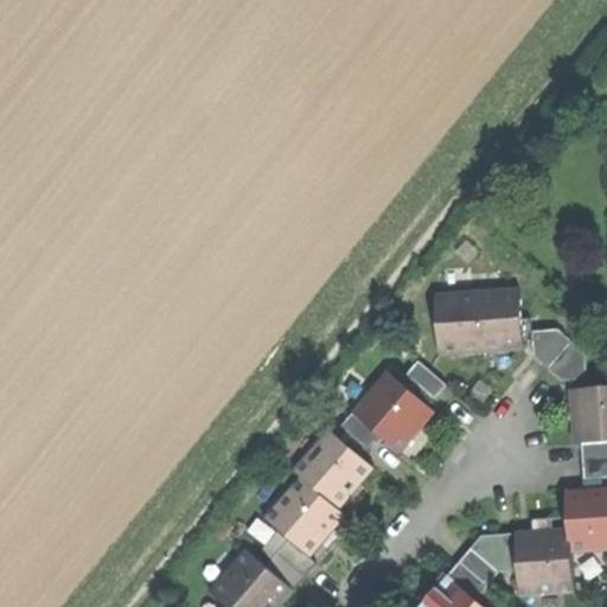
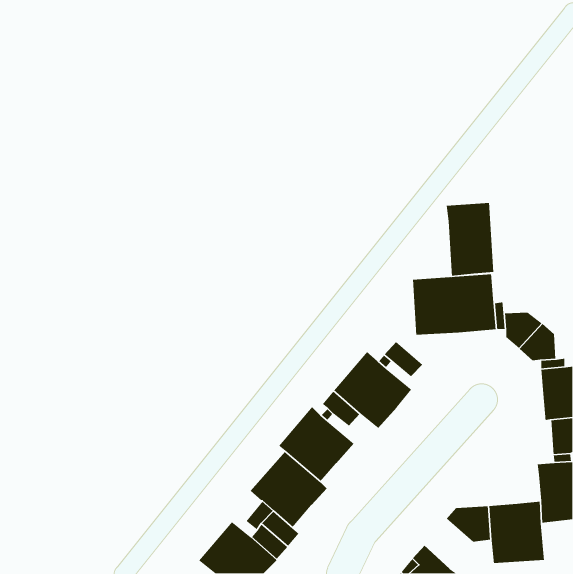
building: none -> [446,202,494,276]
building: [447,547,498,599] -> none

